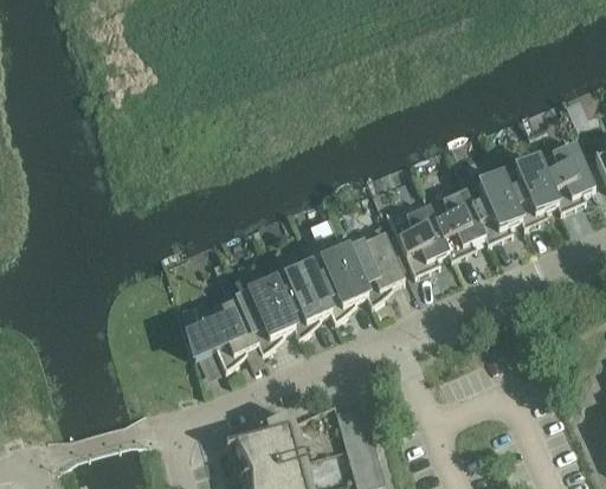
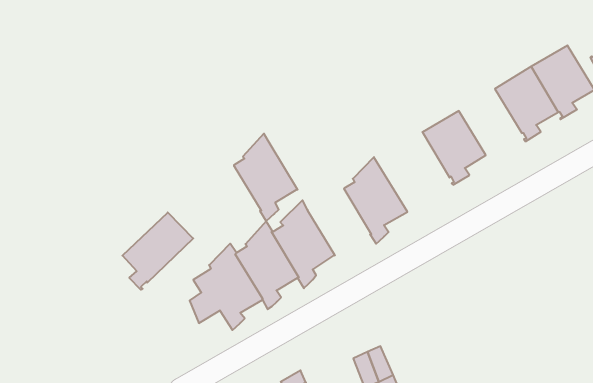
building: [464,172,521,240] -> none
building: [391,204,447,272] -> none
building: [310,237,367,320] -> [234,134,298,221]
building: none -> [122,212,193,290]

